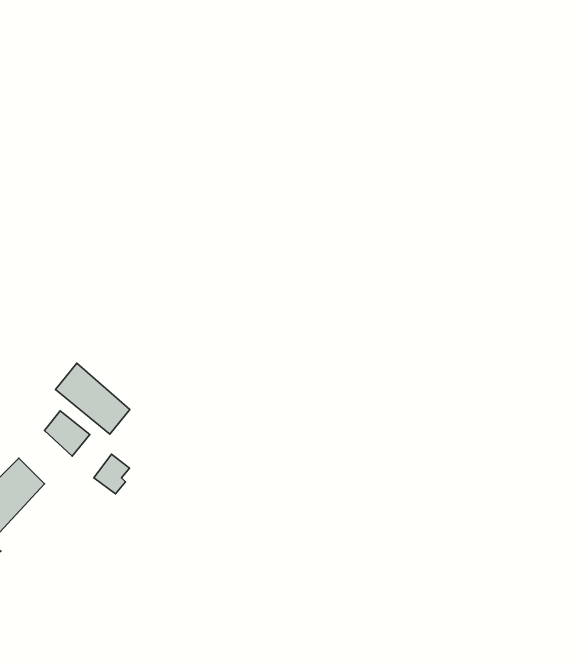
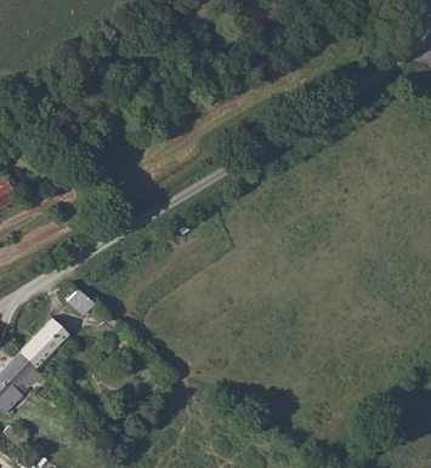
building: [55,363,130,434] -> none

